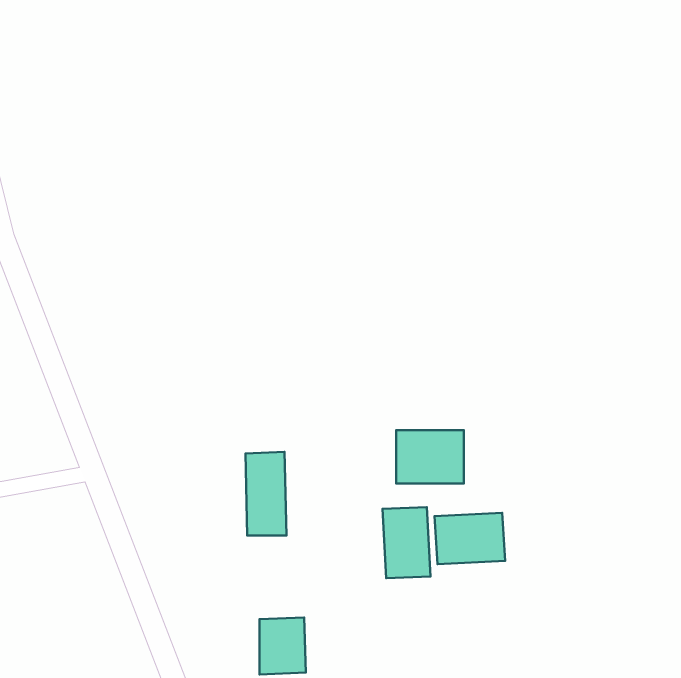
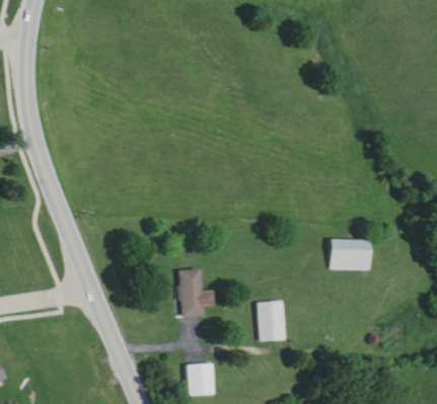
building: [396,430,464,483] -> [331,239,369,269]
building: [435,513,505,564] -> none

